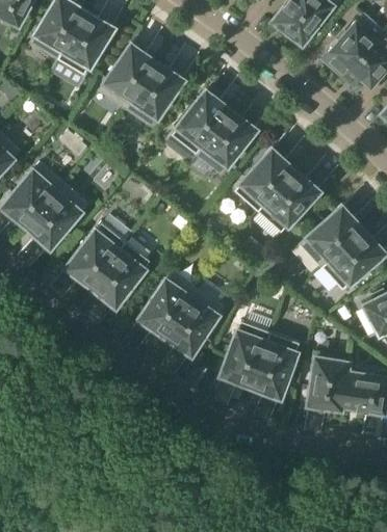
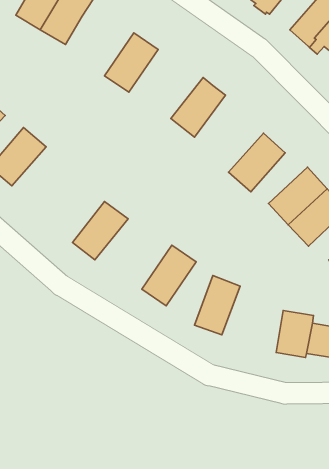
building: [100,46,157,109] -> none
building: [172,91,231,155] -> none
building: [235,150,295,212] -> none
building: [27,185,87,247] -> none
building: [67,223,126,287] -> none
building: [140,272,198,337] -> none
building: [251,334,300,397] -> none

